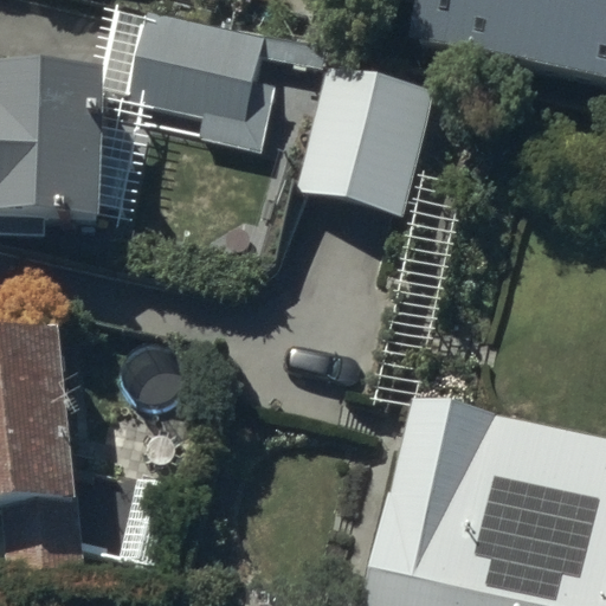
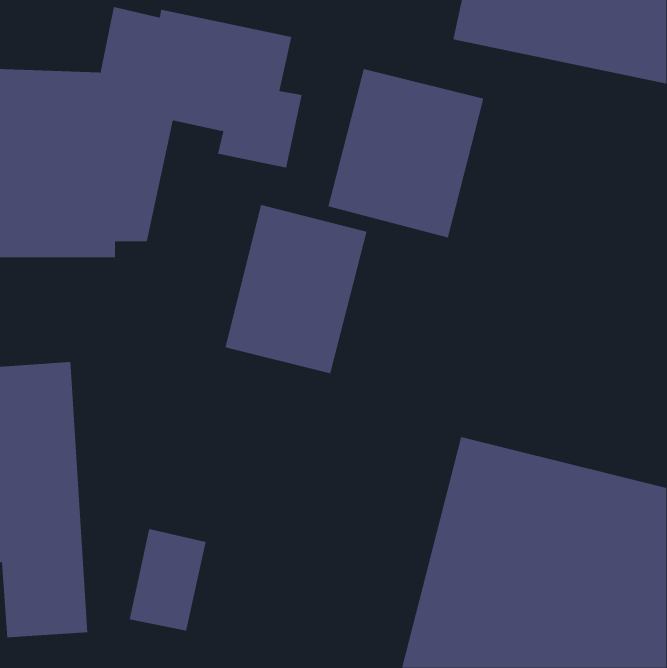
building: none -> [225,204,367,374]

